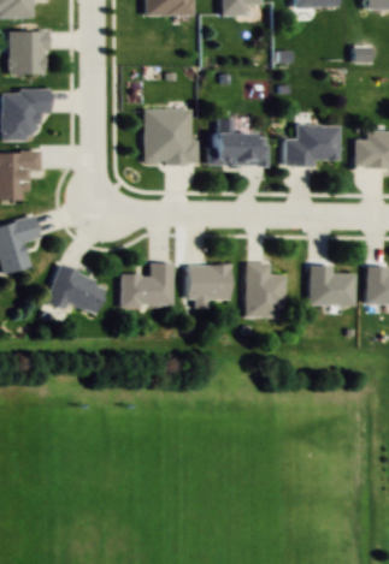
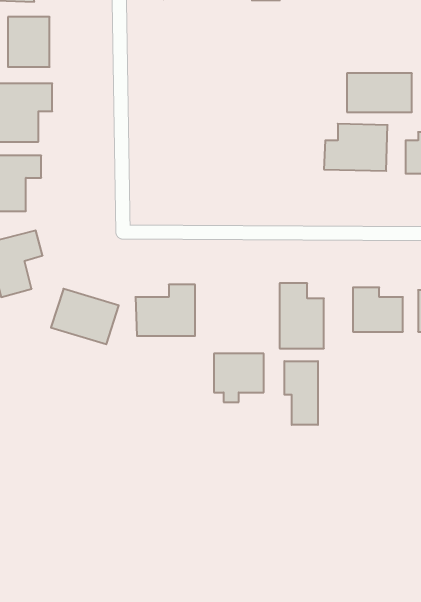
building: [143,108,194,165] -> none
building: [210,132,266,166] -> [347,73,412,112]
building: [187,266,230,308] -> [214,354,264,402]
building: none -> [284,361,318,425]

